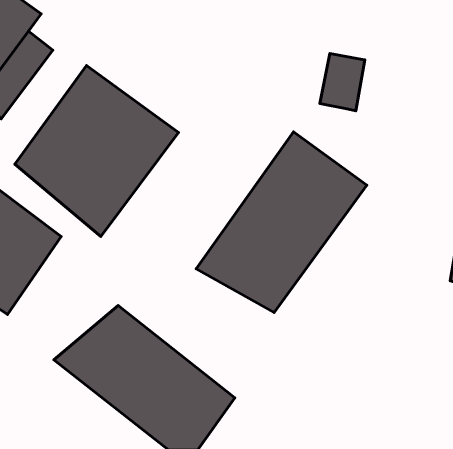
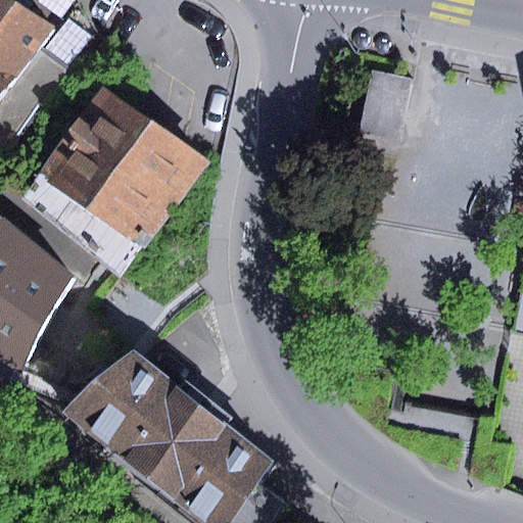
building: [196,132,367,313] -> none

